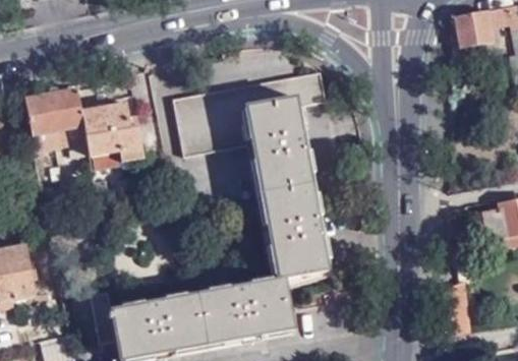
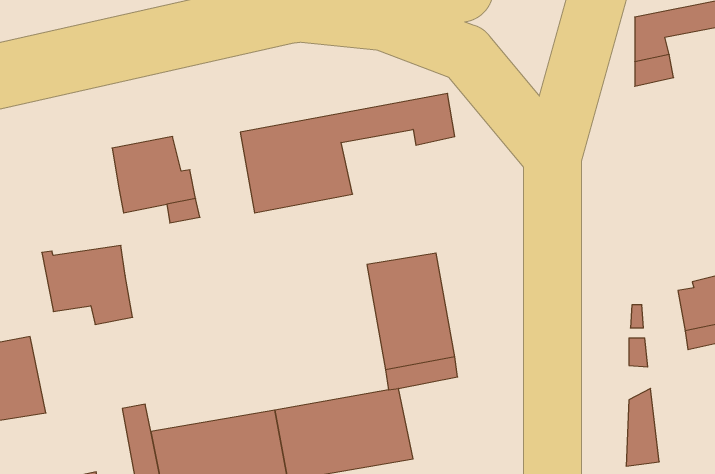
building: [23,88,88,144] -> [42,245,133,324]
building: [244,97,311,192] -> none

